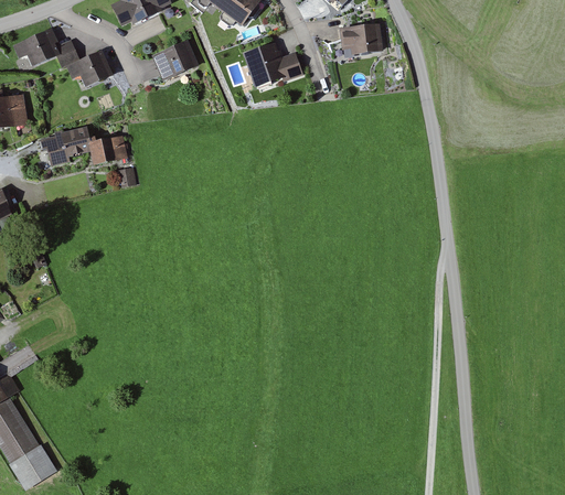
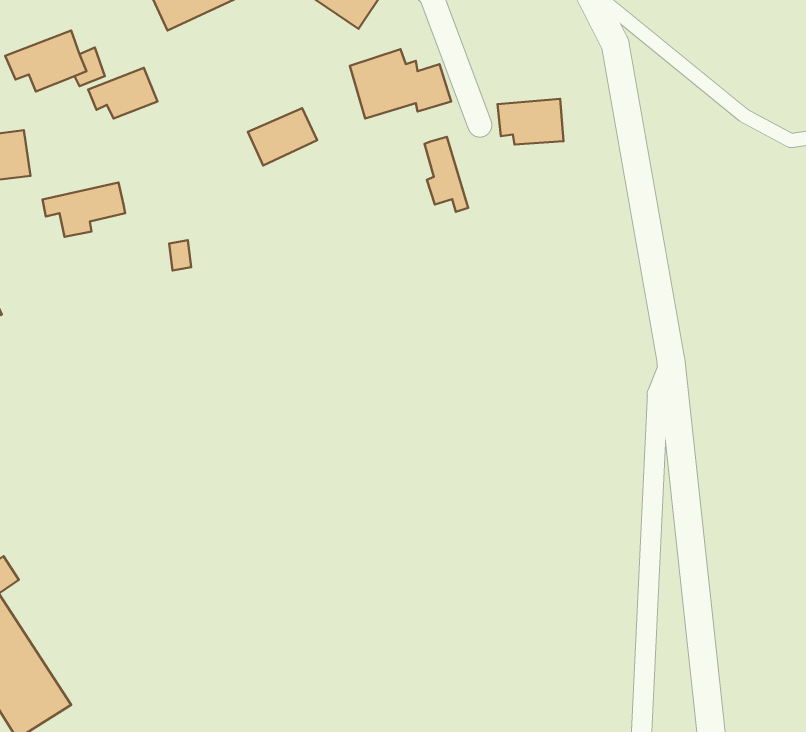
building: [338,23,381,53] -> [498,99,563,145]
building: [151,41,196,78] -> [248,108,317,166]
building: none -> [424,137,468,212]
building: [90,134,127,162] -> none

